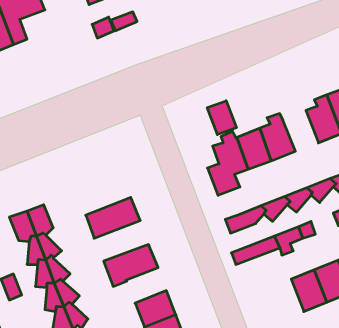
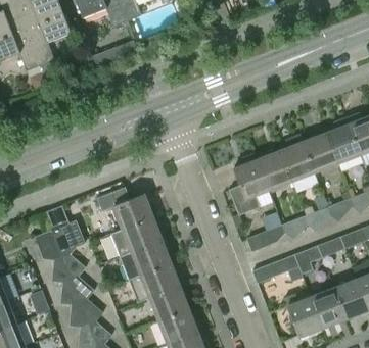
building: [207,101,236,135] -> none
building: none -> [303,132,337,171]
building: none -> [96,187,154,229]
building: none -> [119,239,172,279]
building: none -> [149,285,189,319]
building: none -> [286,296,323,337]

